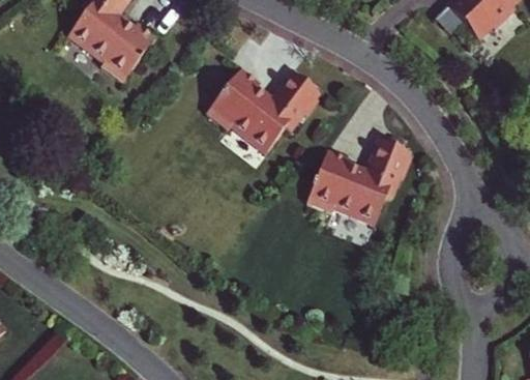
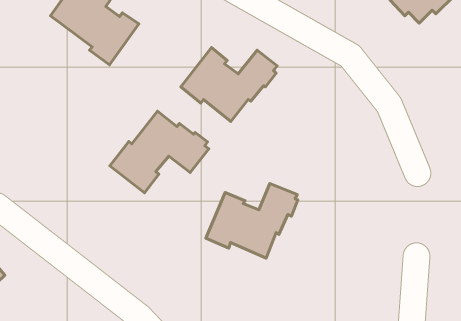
building: [306,139,411,224] -> [206,183,298,258]
building: none -> [110,111,209,193]

